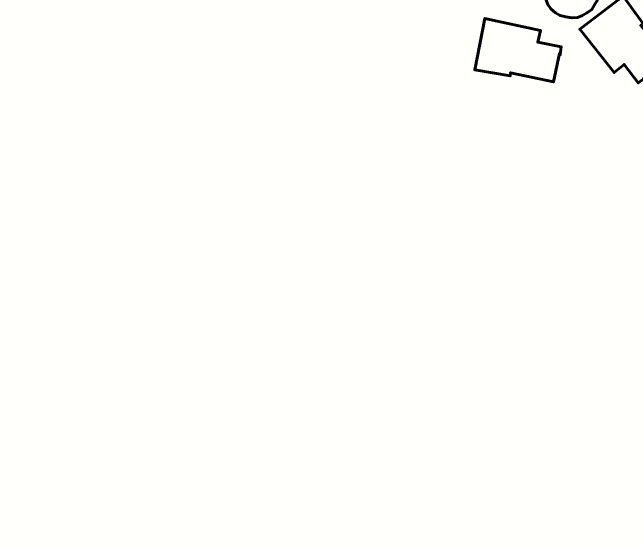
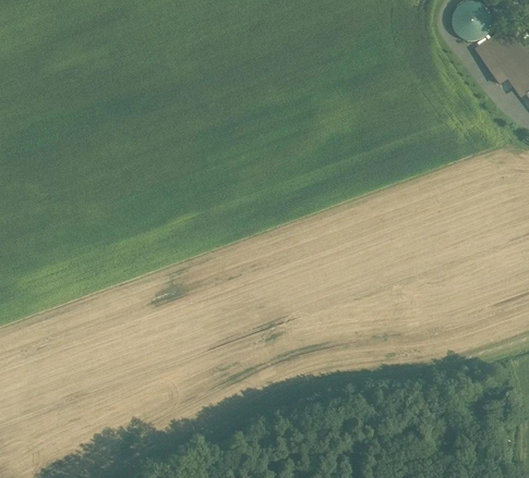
building: [475,19,561,82] -> none

